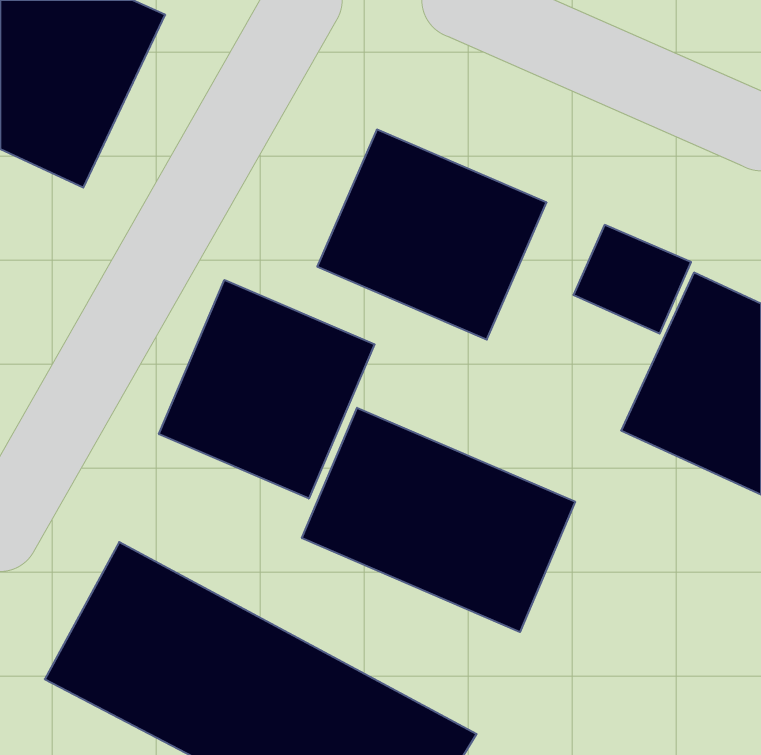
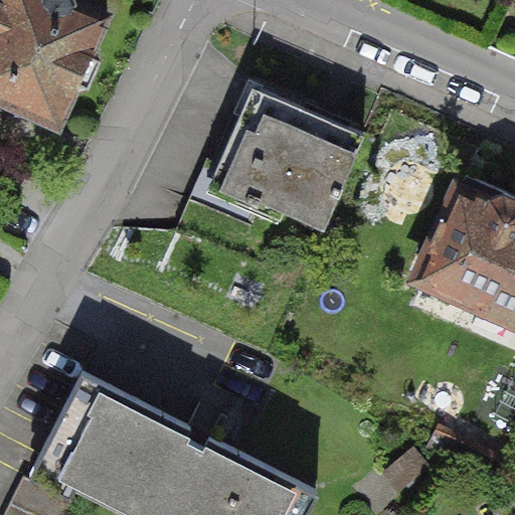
building: [159,280,375,499] -> none
building: [302,408,575,632] -> none

